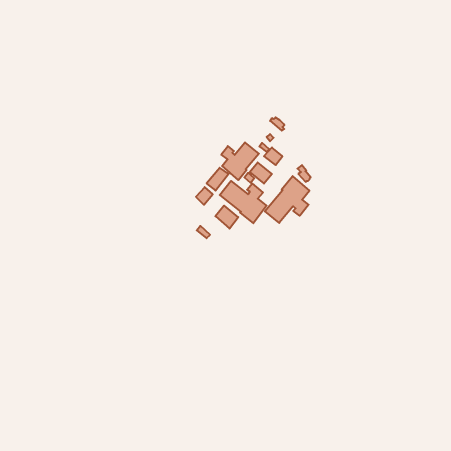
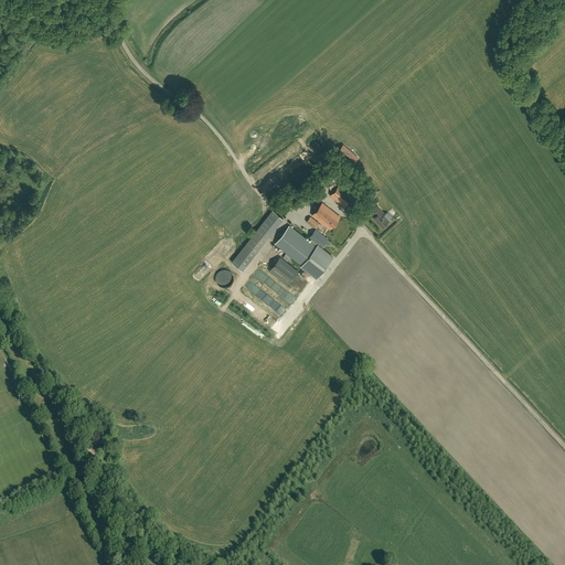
building: [221,142,259,180] -> none
building: [265,176,309,223] -> none

